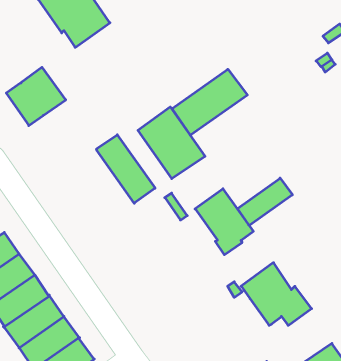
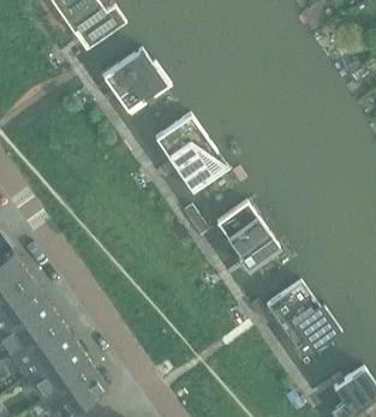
building: [6,67,66,126] -> [102,50,166,113]
building: [172,69,247,135] -> none
building: [97,135,155,203] -> none
building: [237,178,292,225] -> none

